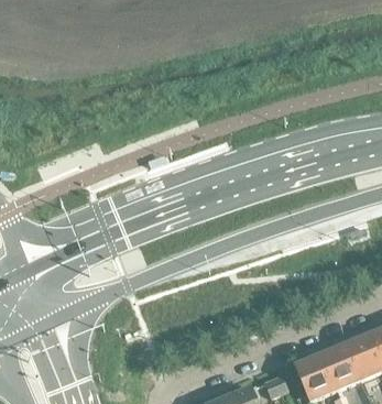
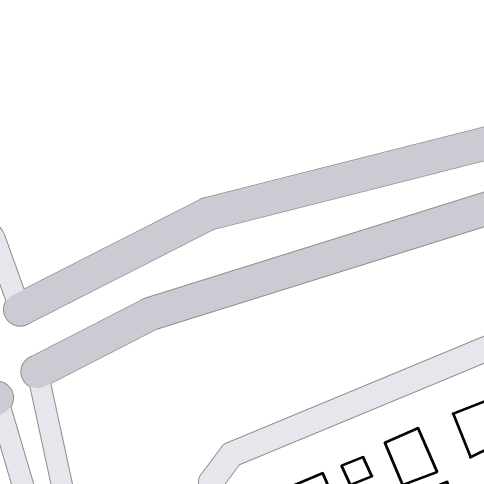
building: [321,343,361,387] -> none

